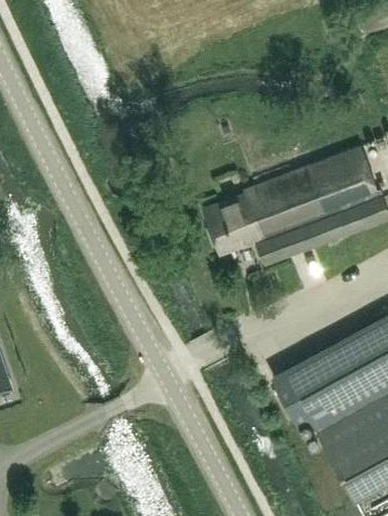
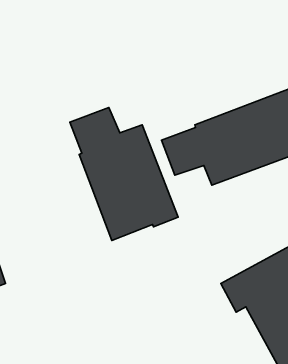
building: none -> [70,107,178,241]

